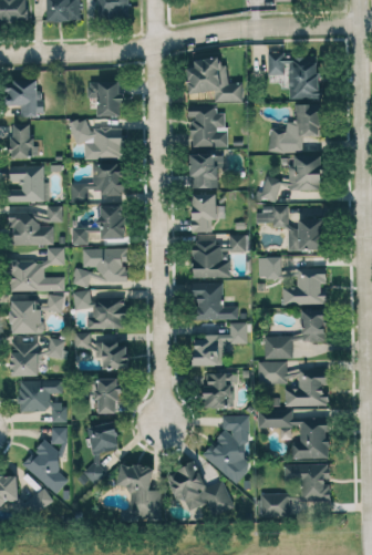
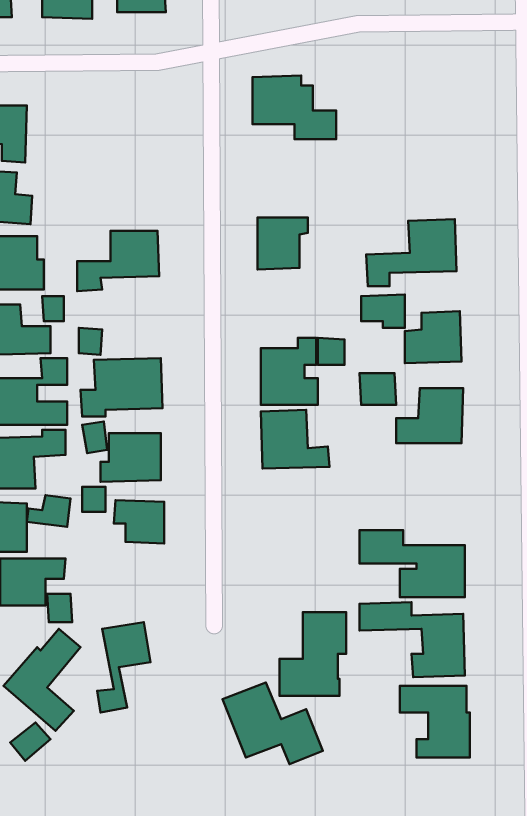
building: [267,52,320,100] -> none
building: [87,82,122,117] -> none
building: [269,105,321,153] -> none
building: [187,106,227,147] -> none
building: [69,121,123,161] -> none
building: [192,195,226,234] -> none
building: [100,206,125,240] -> none
building: [265,310,326,360] -> none
building: [194,323,247,367] -> none
building: [204,373,236,410] -> none
building: [95,380,120,414] -> none
building: [118,466,161,515] -> none
building: [260,494,290,518] -> none

